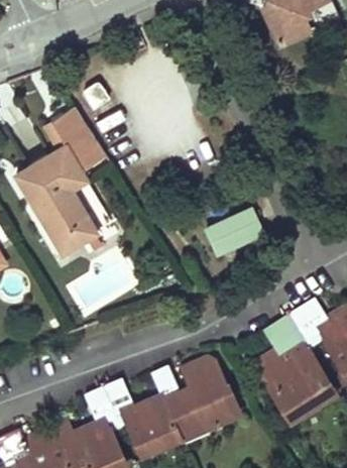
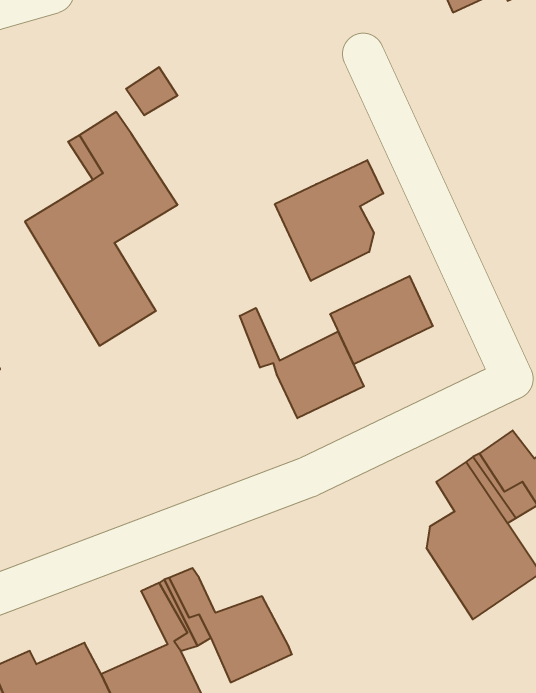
building: none -> [275,160,383,281]
building: none -> [240,308,364,418]
building: [150,358,237,432] -> none

